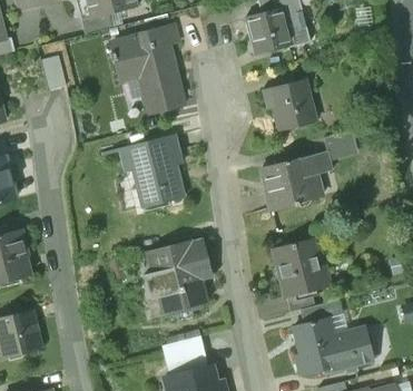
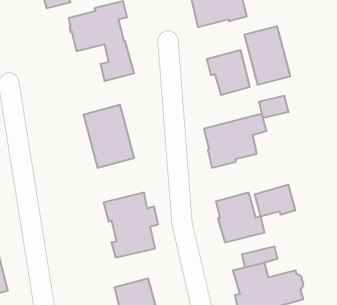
building: none -> [245,26,290,85]
building: none -> [255,184,295,217]

